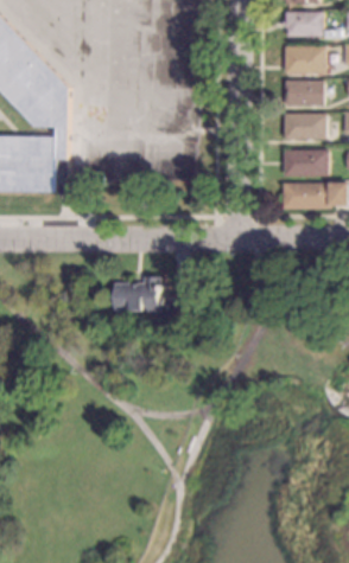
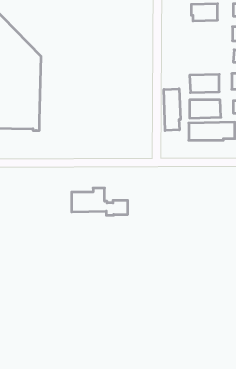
building: [283,46,324,73] -> none
building: [283,82,322,105] -> none
building: none -> [164,89,180,131]

